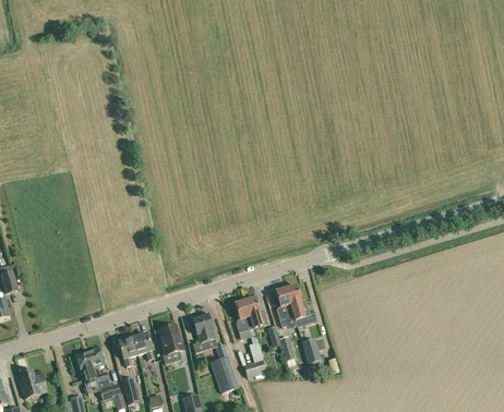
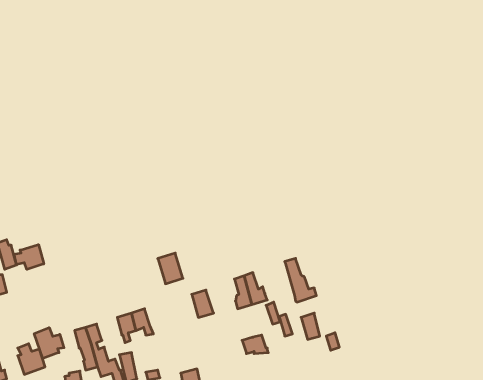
building: none -> [14,245,44,269]
building: [275,286,297,327] -> none
building: [158,324,183,354] -> [158,253,183,284]
building: [211,342,239,392] -> none
building: none -> [34,328,64,358]

